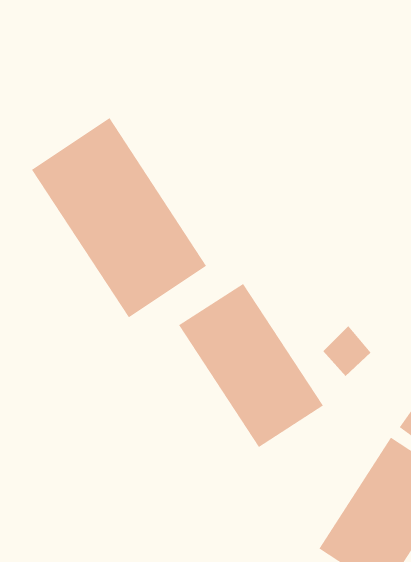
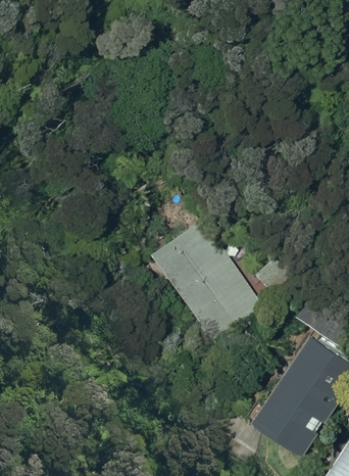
building: [31,117,207,318] -> none

